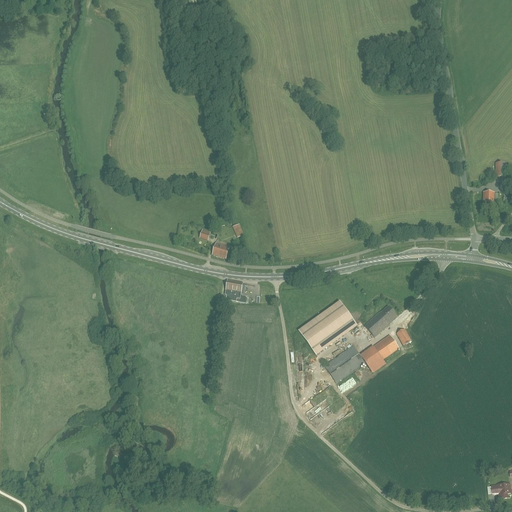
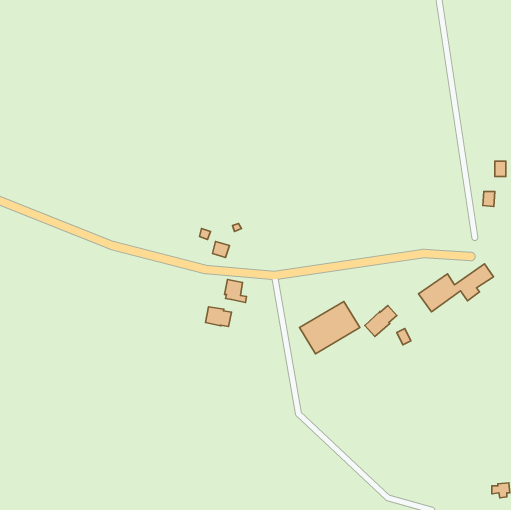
building: none -> [205,307,231,326]
building: [323,334,398,382] -> [418,264,494,312]

